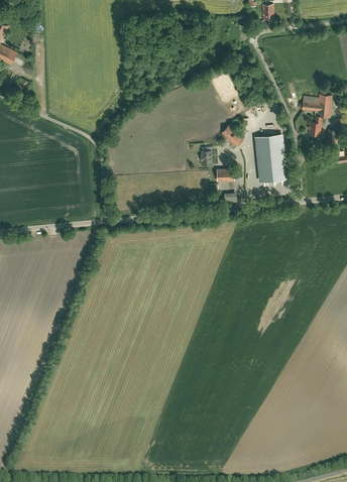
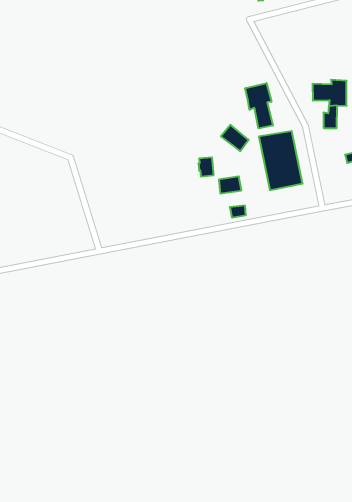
building: none -> [245,83,273,128]

